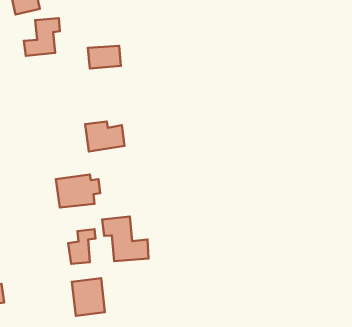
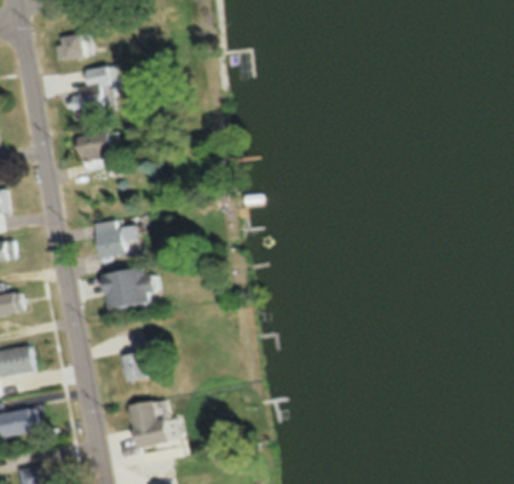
building: [88,46,121,69] -> [79,133,121,162]
building: [85,121,125,152] -> [92,220,143,259]
building: [102,217,149,261] -> none

